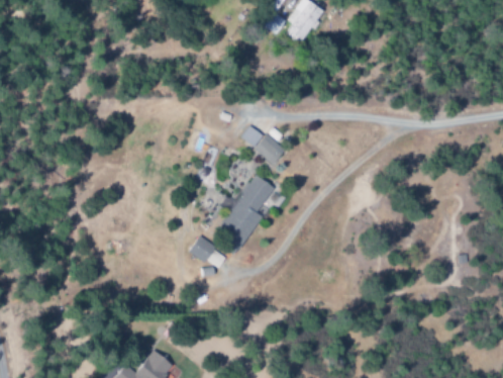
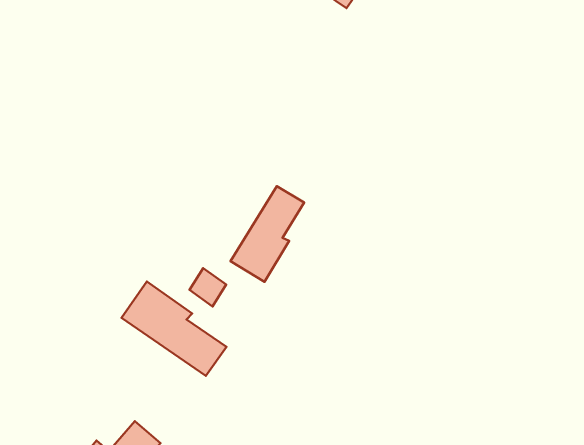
building: [240,126,286,163] -> none
building: none -> [121,282,226,376]

